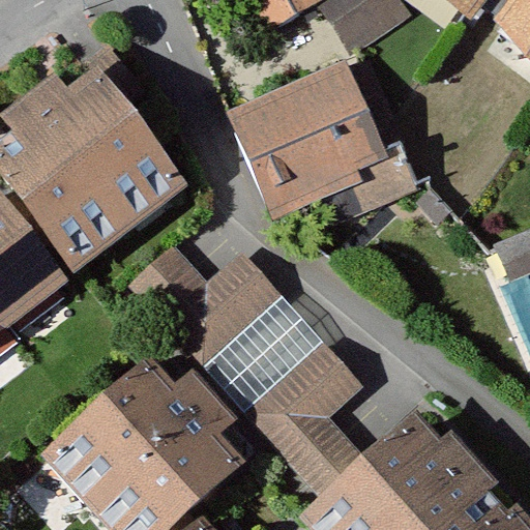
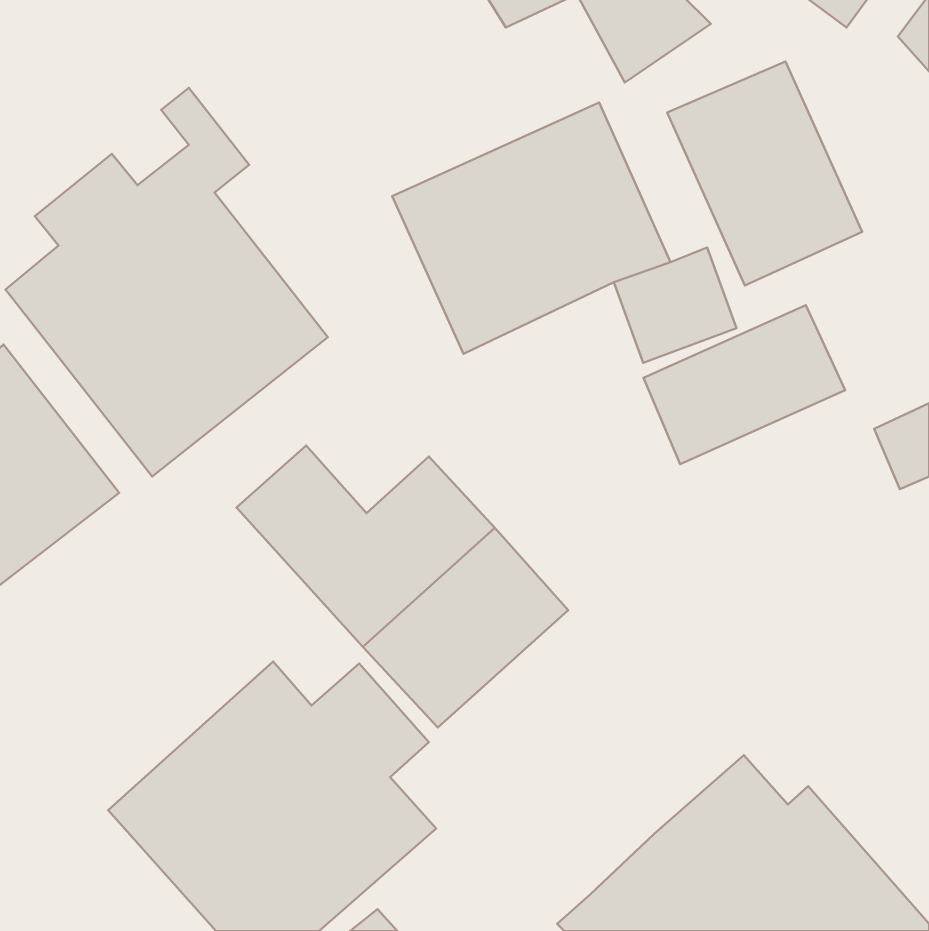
building: none -> [667,61,862,285]
building: none -> [644,305,845,464]
building: [247,345,370,505] -> none

